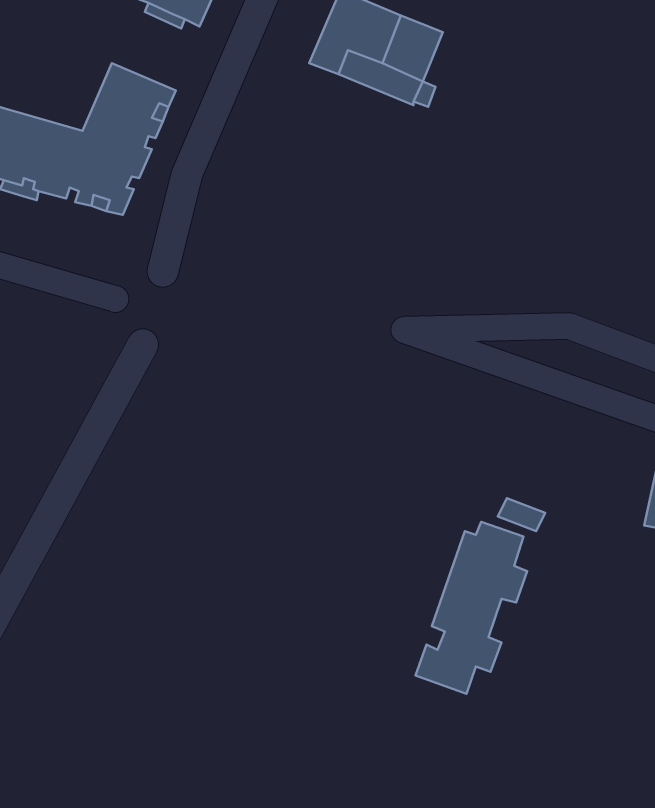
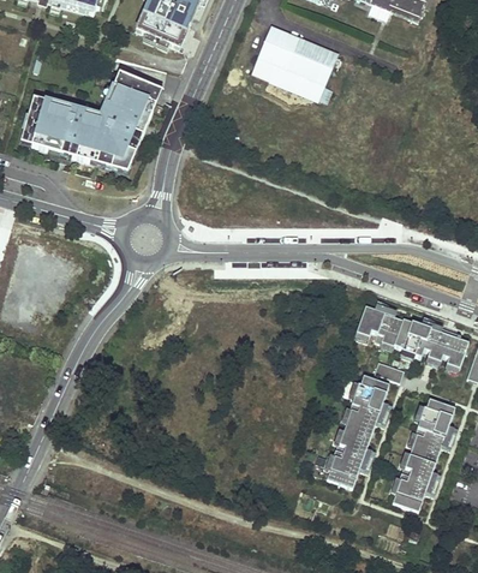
building: none -> [355,303,468,366]
building: none -> [384,394,458,507]

